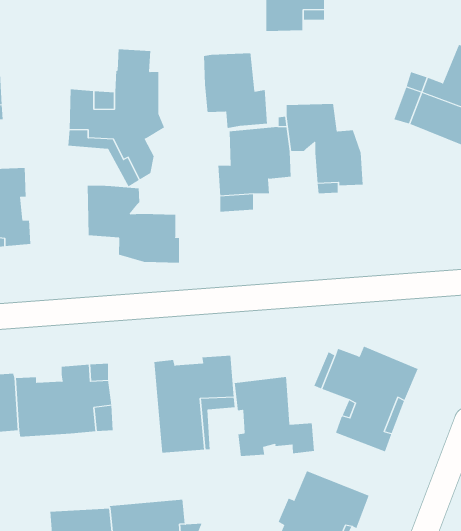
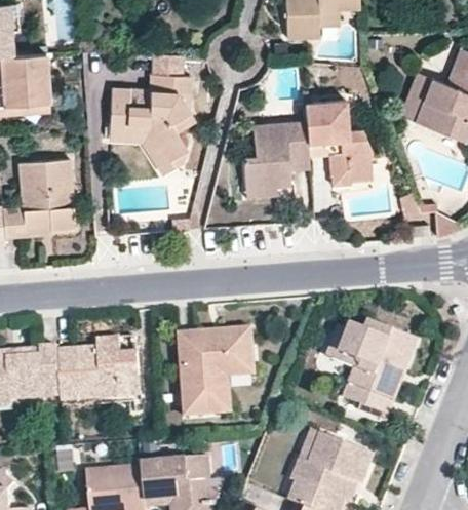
building: [204,52,268,129] -> none
building: [87,185,179,264] -> none
building: [234,376,315,457] -> none

